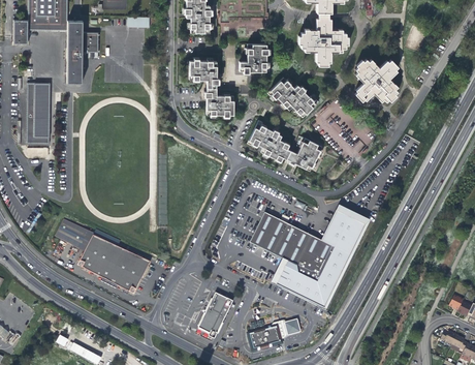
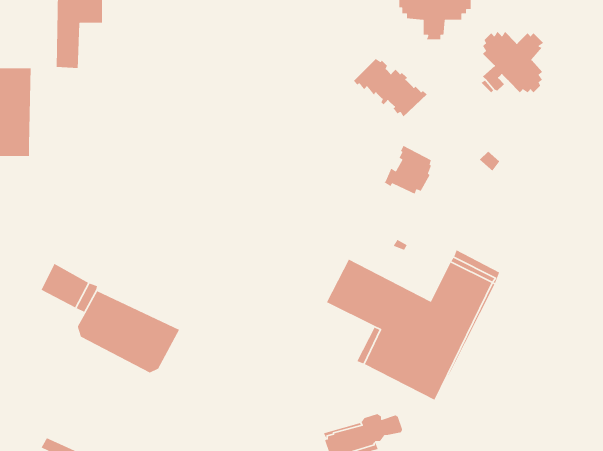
building: [239,42,268,72] -> none
building: [189,58,218,83] -> none
building: [204,87,233,116] -> none
building: [247,119,290,160] -> none
building: [196,293,231,339] -> none

